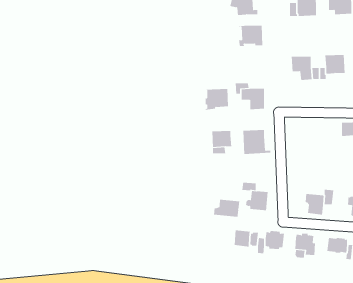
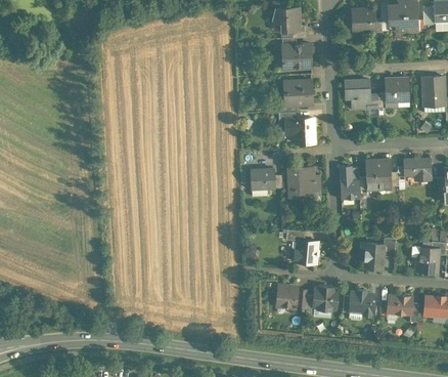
building: [204,88,229,110] -> [283,80,313,106]
building: none -> [365,159,392,188]
building: none -> [340,167,360,202]
building: [213,199,240,218] -> none

